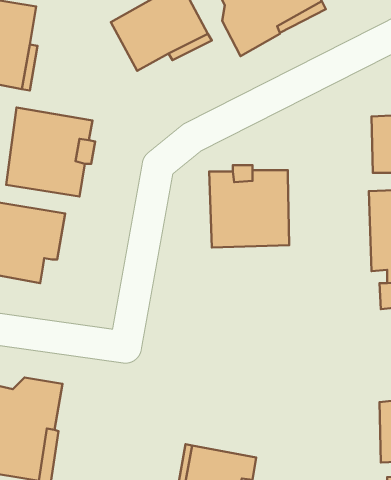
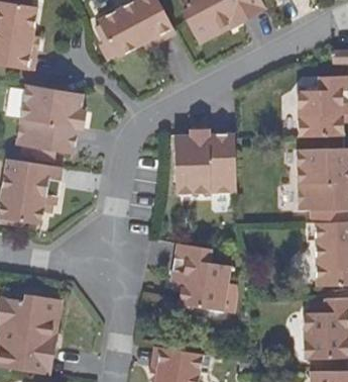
building: none -> [171,242,231,308]

